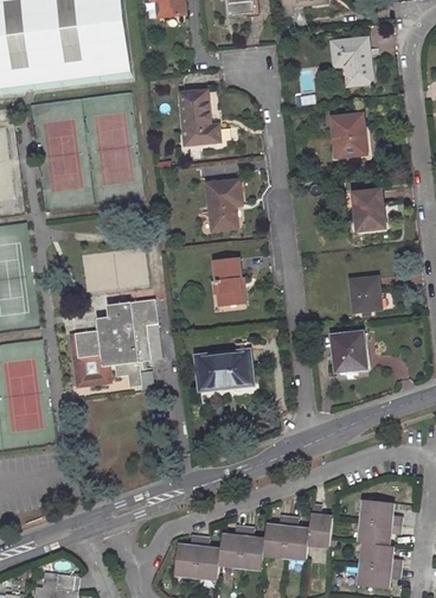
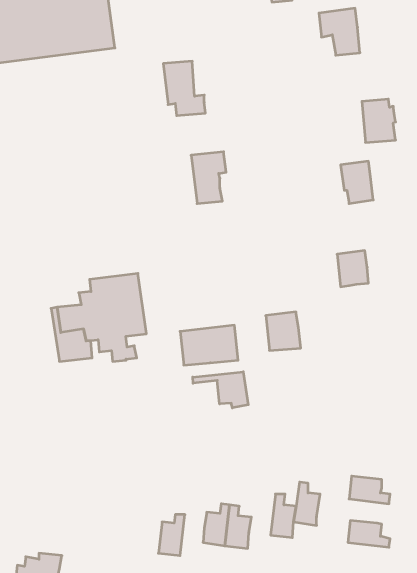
building: [331,113,364,155] -> [362,99,396,142]
building: [210,256,243,304] -> none
building: [331,331,365,369] -> [266,312,301,350]
building: none -> [193,372,248,408]
building: [262,513,288,555] -> none
building: [358,520,399,543] -> none
building: [194,535,218,578] -> none
building: [357,562,399,587] -> none

